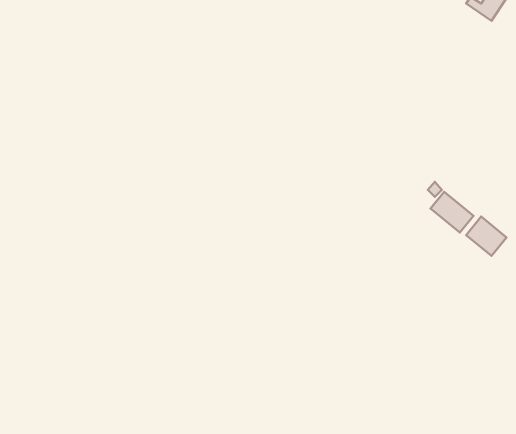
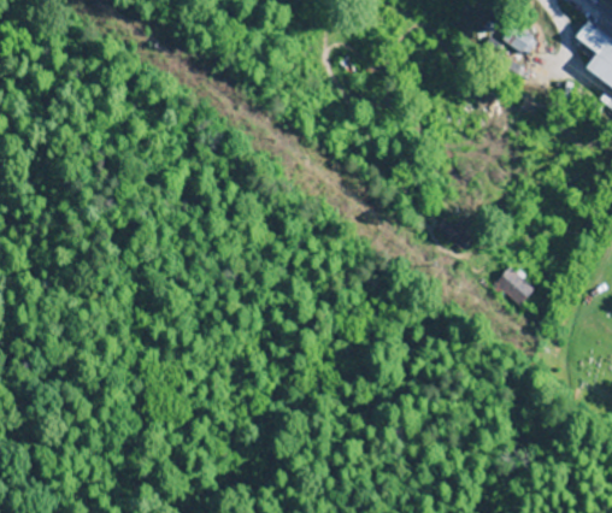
building: [431,192,474,232] -> none

